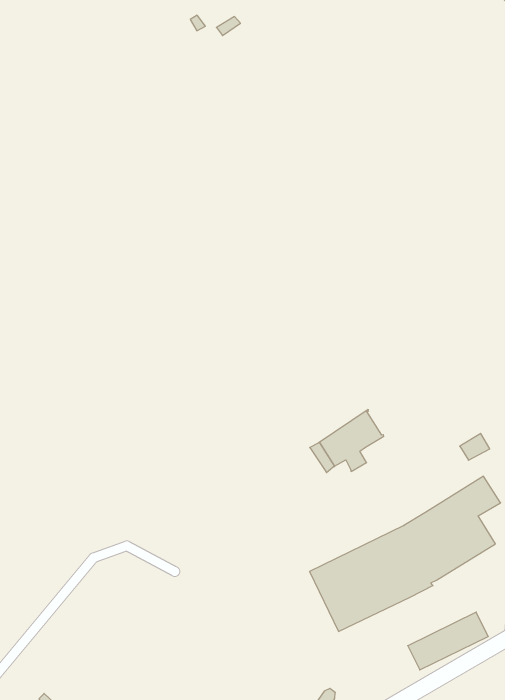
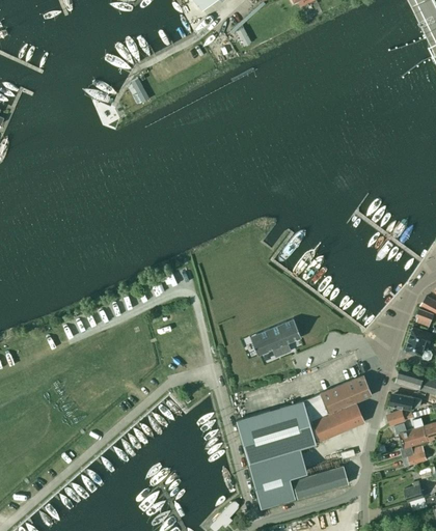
building: none -> [248,451,305,508]

